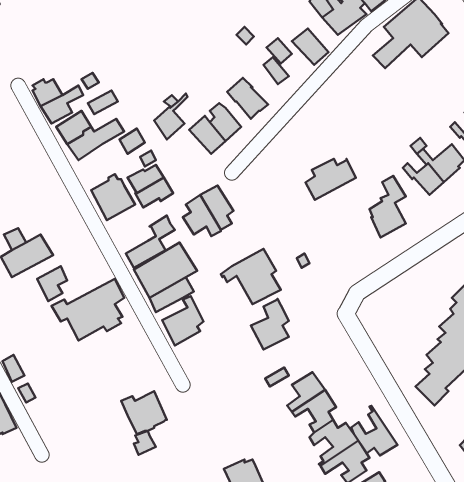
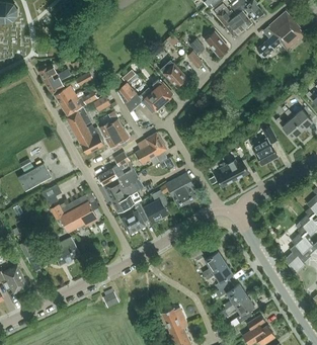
building: none -> [66,107,91,136]
building: [305,159,356,200] -> [216,161,248,187]
building: [251,299,289,349] -> [144,190,168,223]
building: [121,391,167,434] -> [51,237,80,264]
building: [351,406,397,456] -> none

